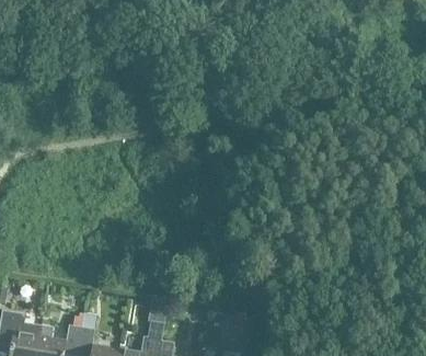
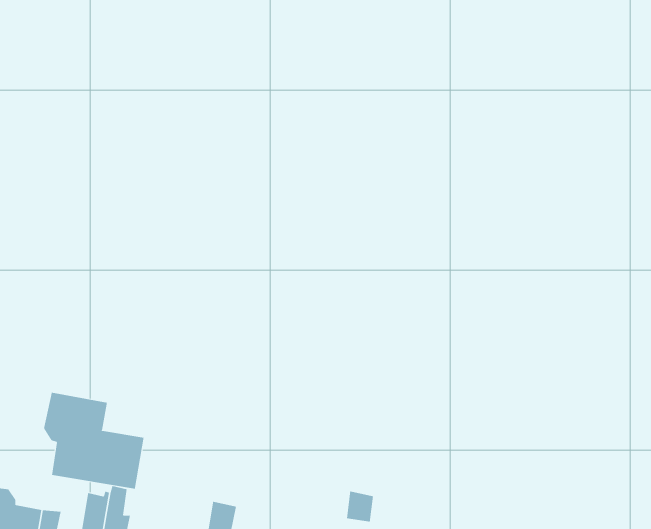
building: none -> [44,392,144,489]

